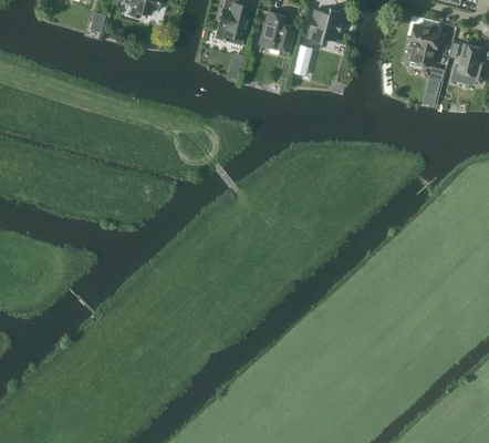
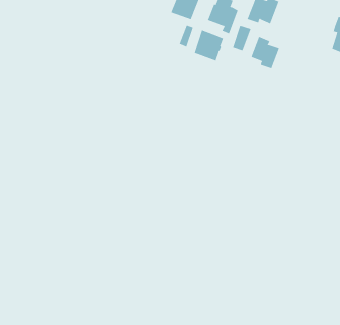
building: none -> [194,30,224,61]
building: none -> [251,36,279,69]

